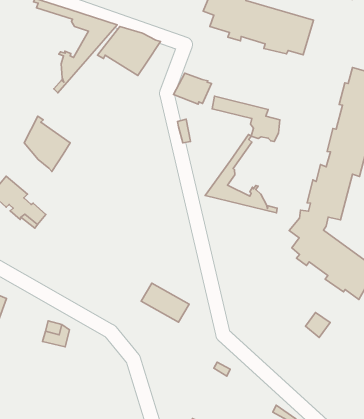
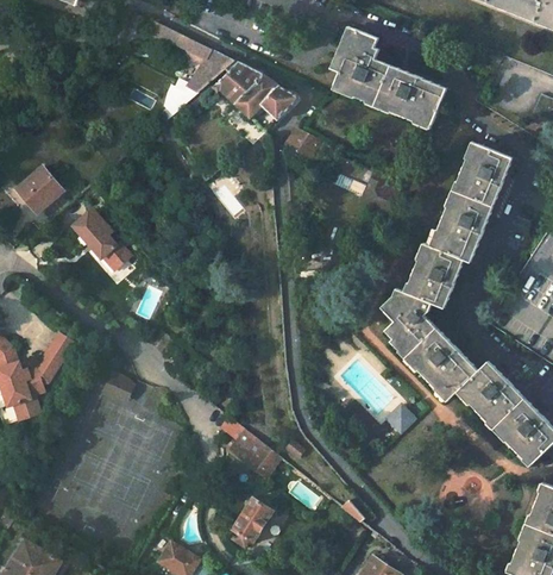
building: none -> [259,86,296,121]
building: [24,116,70,171] -> none
building: [205,134,277,213] -> none
building: [141,283,189,322] -> [227,431,278,477]

